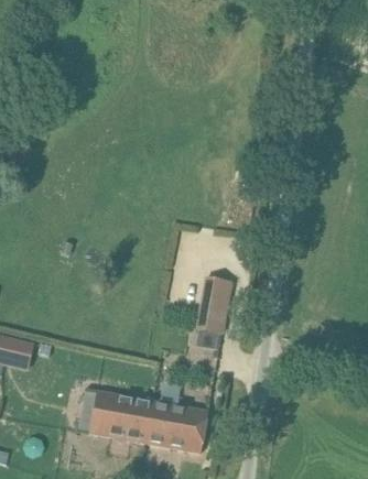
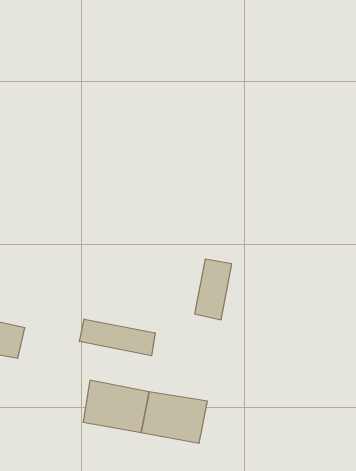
building: none -> [79,319,155,356]

